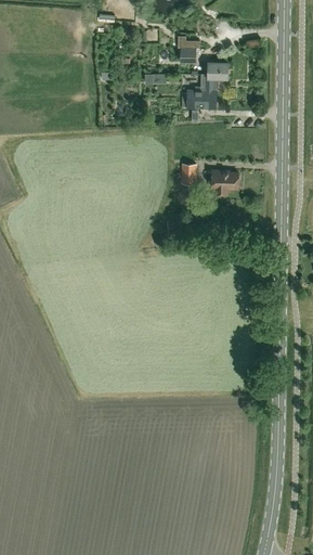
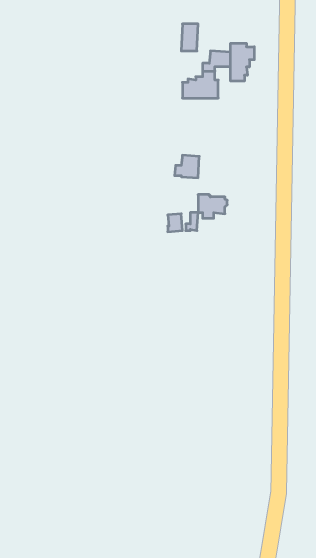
building: none -> [231,43,254,81]
building: [212,171,240,194] -> [198,195,227,218]

